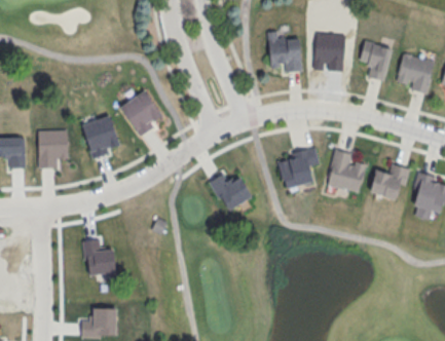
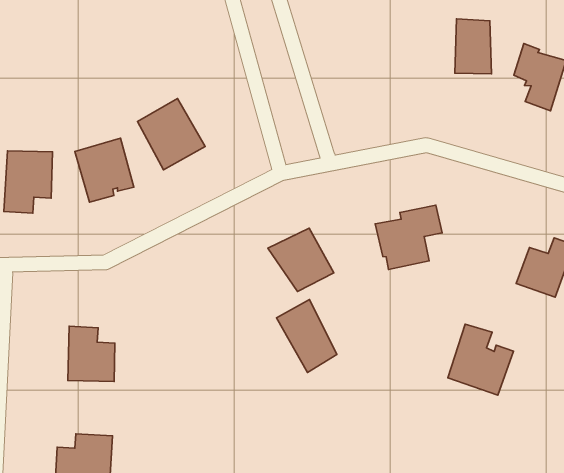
building: [267,31,302,73] -> none
building: [326,150,367,194] -> [448,324,513,395]
building: none -> [276,300,337,373]

